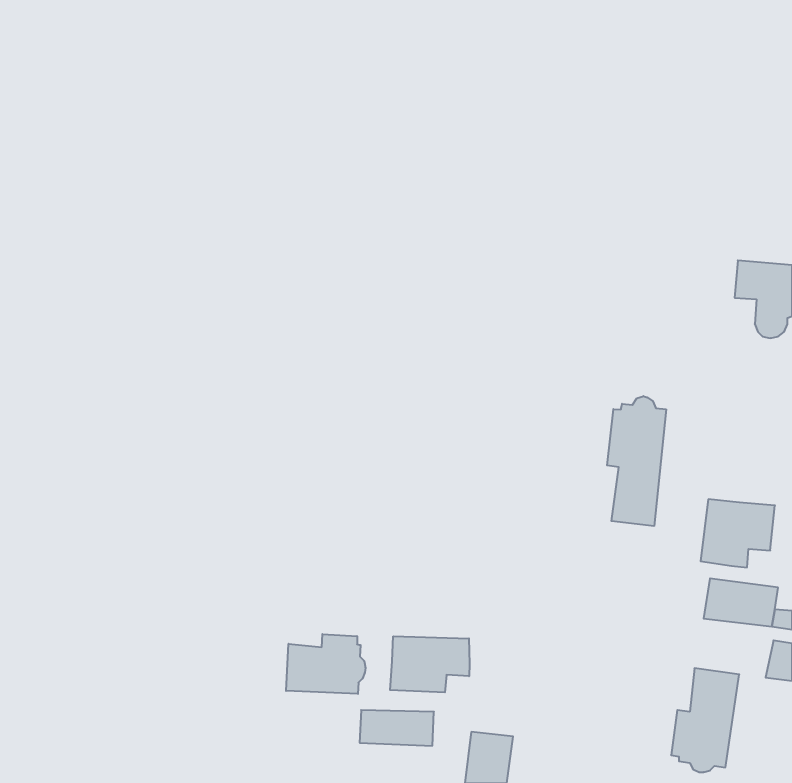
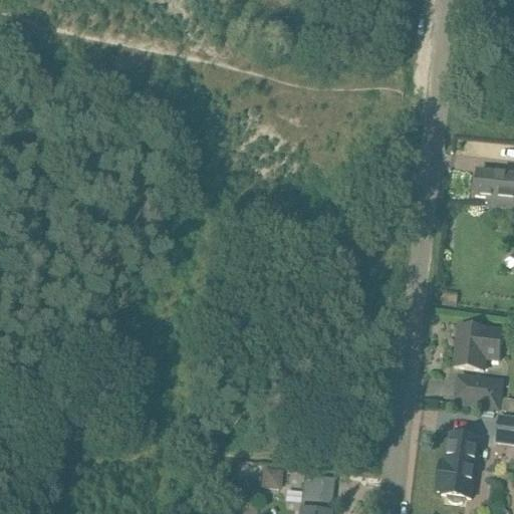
building: [607,396,666,526] -> none
building: [286,634,365,694] -> none
building: [390,636,470,692] -> none

